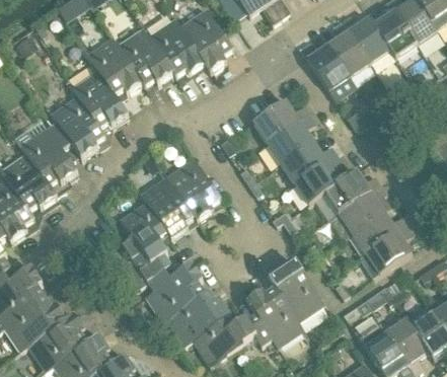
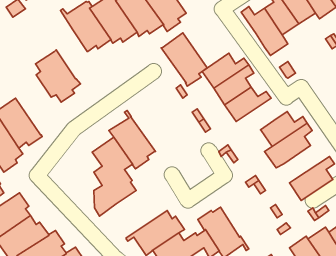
building: [65,70,128,130] -> none
building: [15,125,78,198] -> none
building: [294,153,343,204] -> none
building: [165,157,221,222] -> [161,33,207,86]
building: [352,211,407,252] -> none
building: [267,261,324,322] -> none
building: [145,265,206,326] -> none

